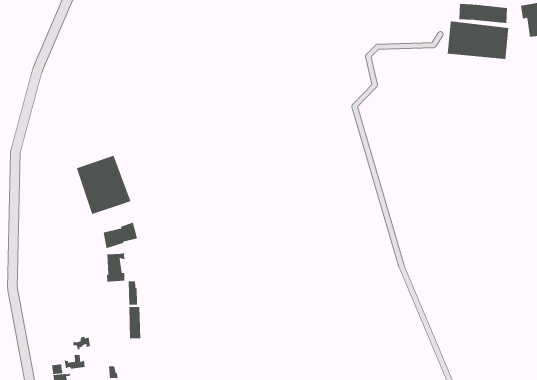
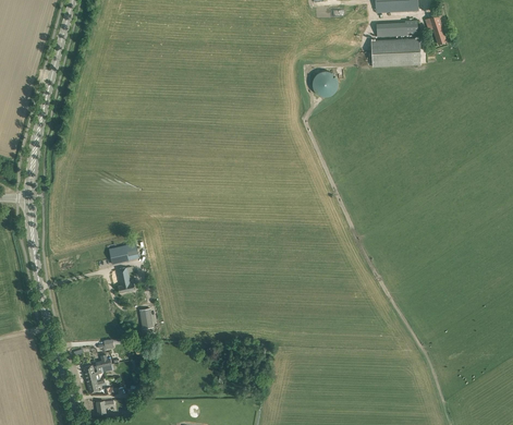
building: none -> [313,72,338,97]
building: [76,155,131,215] -> none

